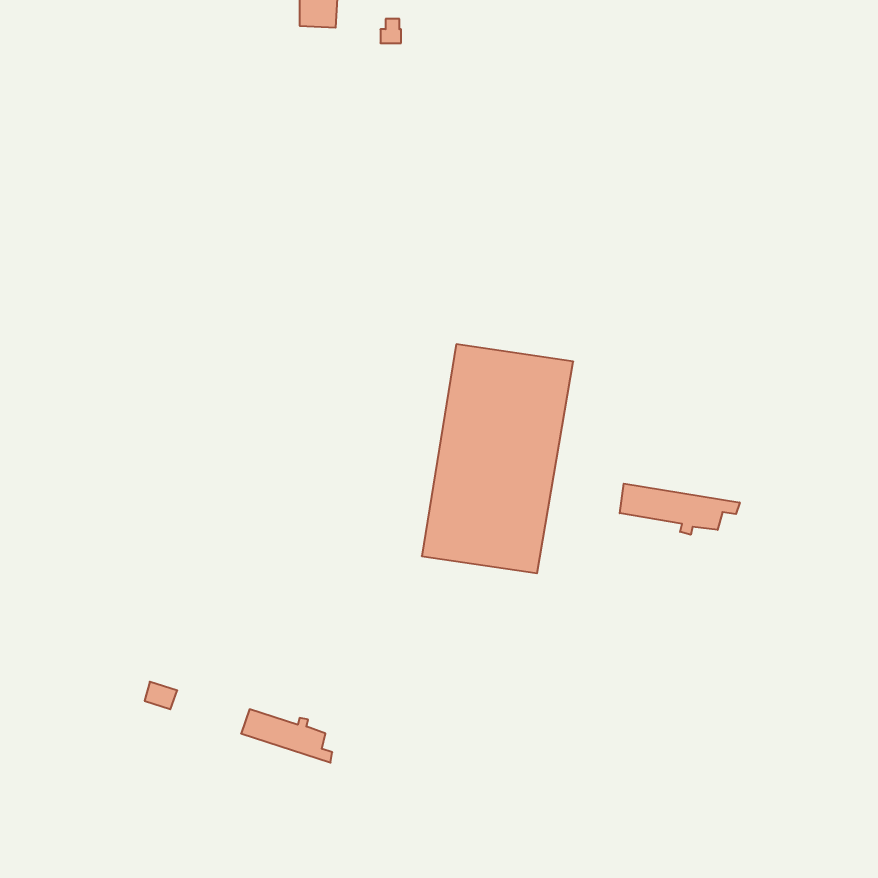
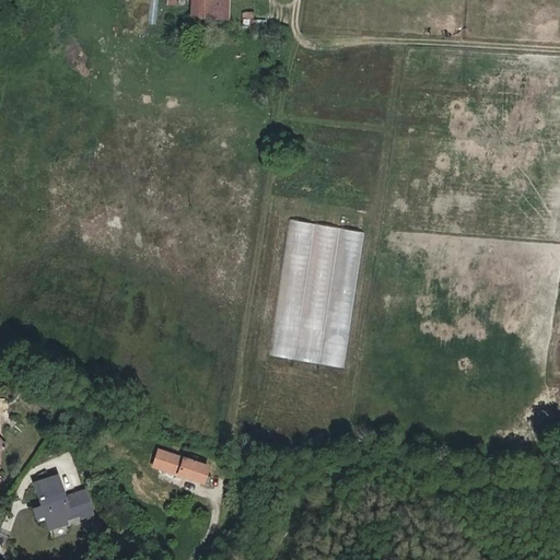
building: [620,484,740,535] -> none
building: none -> [33,479,90,533]

